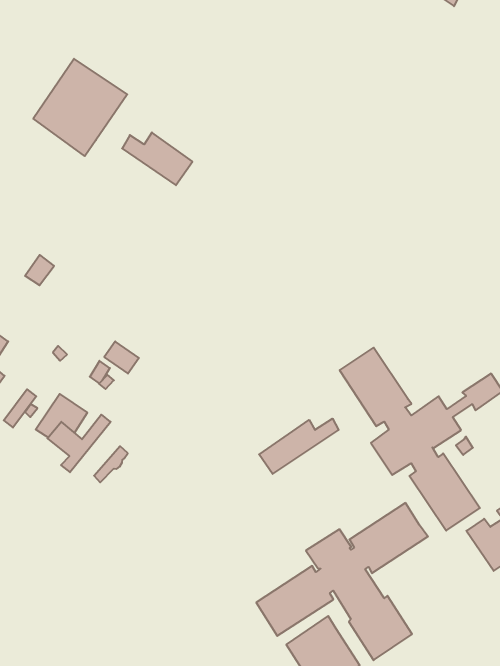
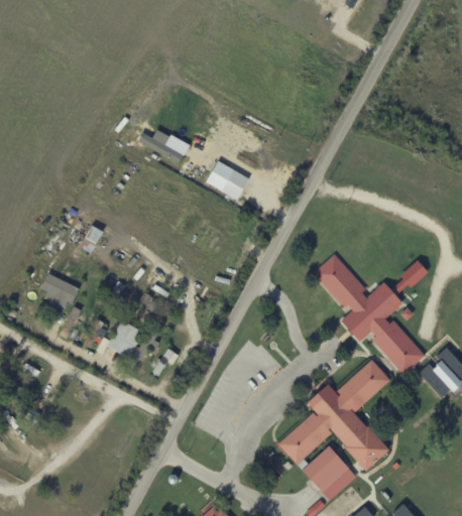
building: [33,59,127,156] -> none
building: none -> [205,160,249,200]
building: [259,419,339,474] -> none

